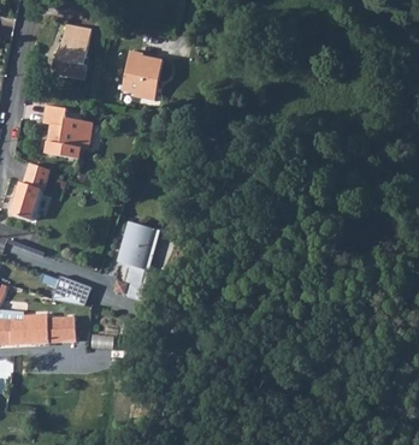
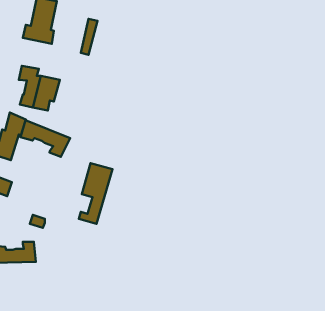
building: [126,52,159,101] -> none
building: none -> [21,120,70,157]

